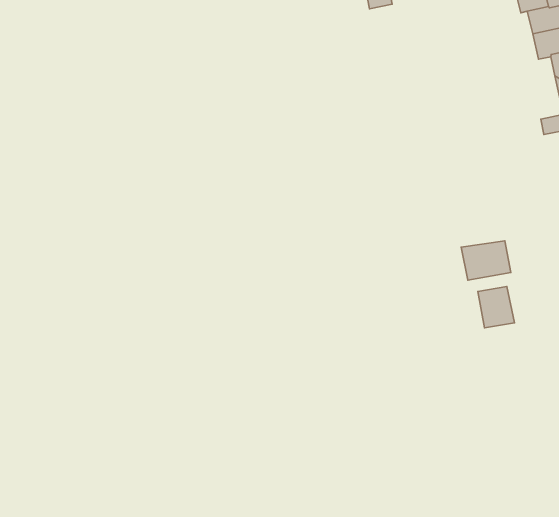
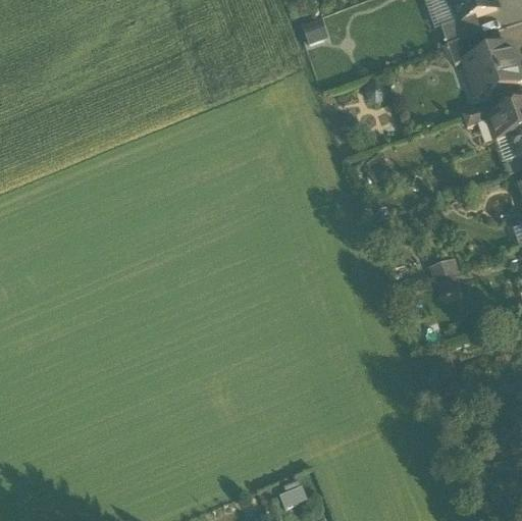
building: [461,241,511,280] -> none

